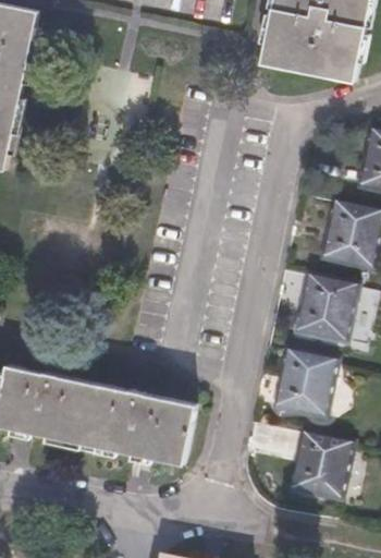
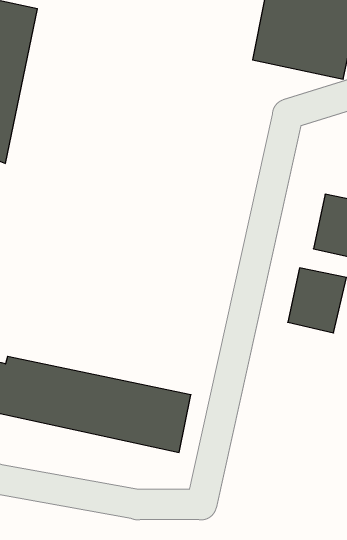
building: [275,352,334,416] -> none
building: [291,436,351,502] -> none

